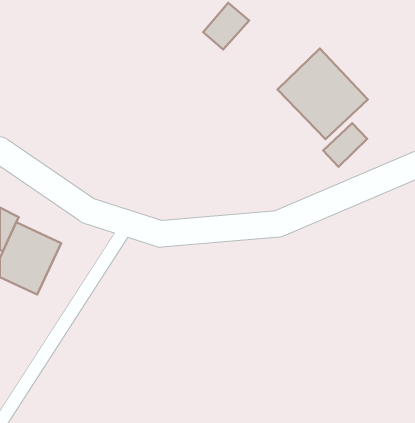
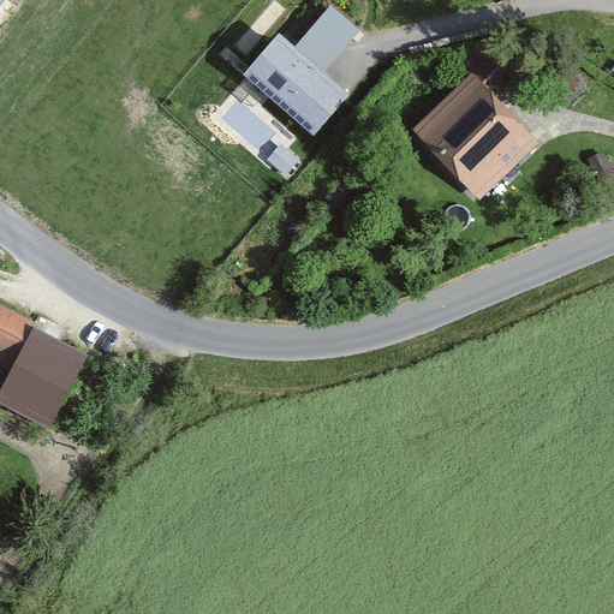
building: none -> [244,34,348,133]
building: [323,123,367,167] -> none

